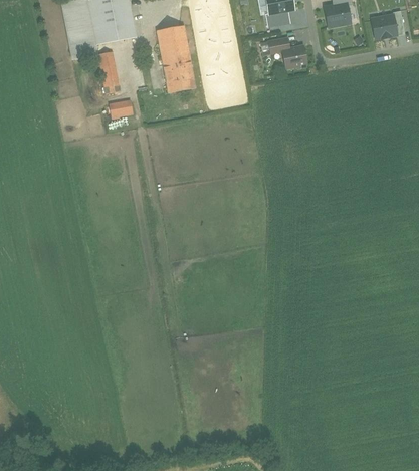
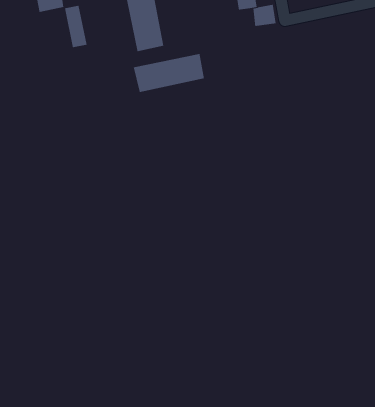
building: none -> [133,53,205,93]
building: [108,99,133,119] -> none

